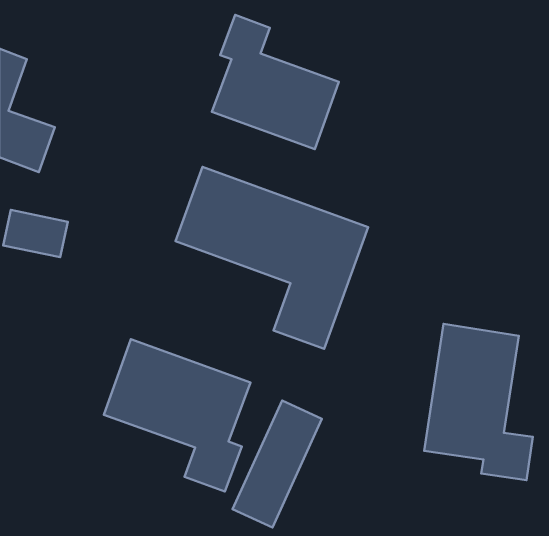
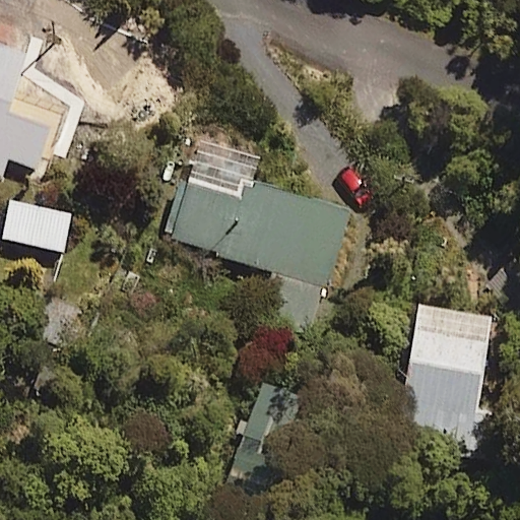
building: [212,15,339,149] -> none
building: [104,339,250,492] -> none

